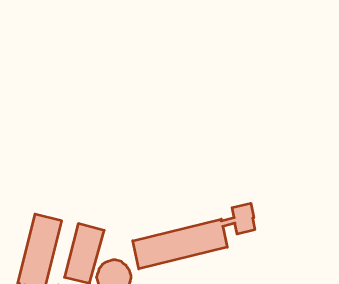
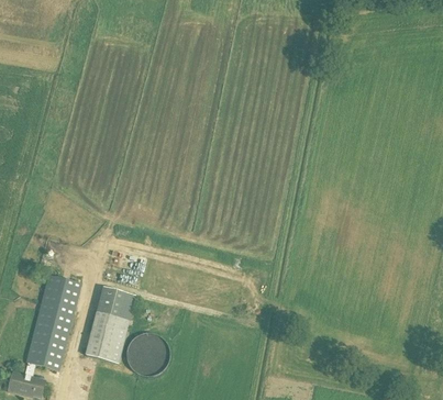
building: [133,203,255,269] -> none

